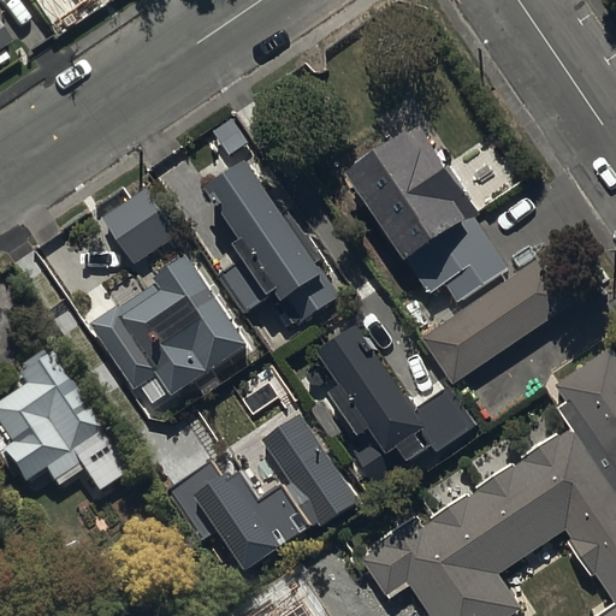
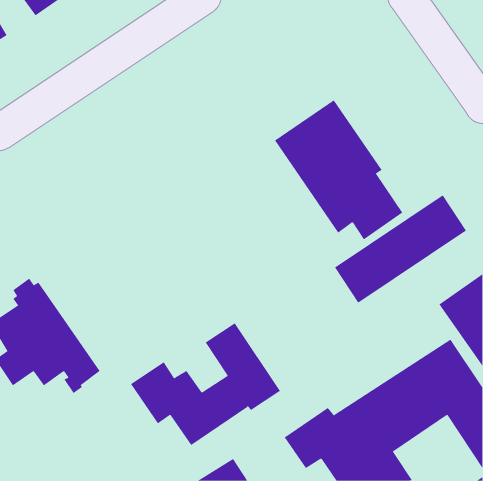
building: [207,166,339,328] -> none
building: [101,184,176,260] -> none
building: [90,256,249,398] -> none
building: [324,333,475,485] -> none

